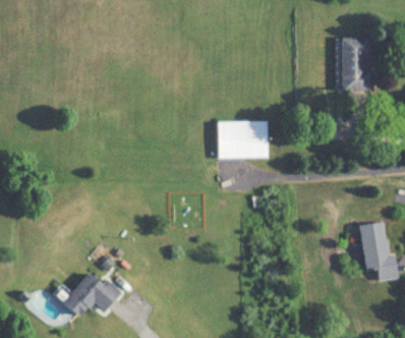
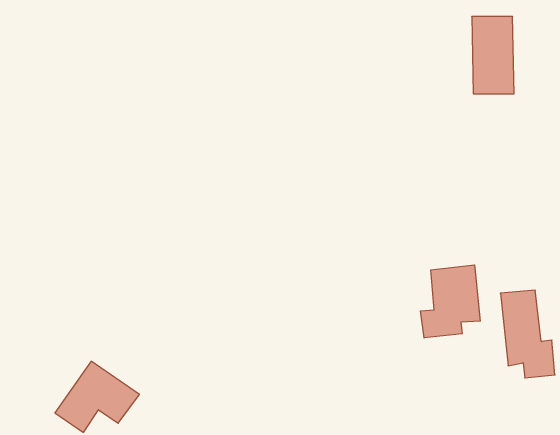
building: [217,121,267,158] -> none
building: none -> [421,265,480,338]

